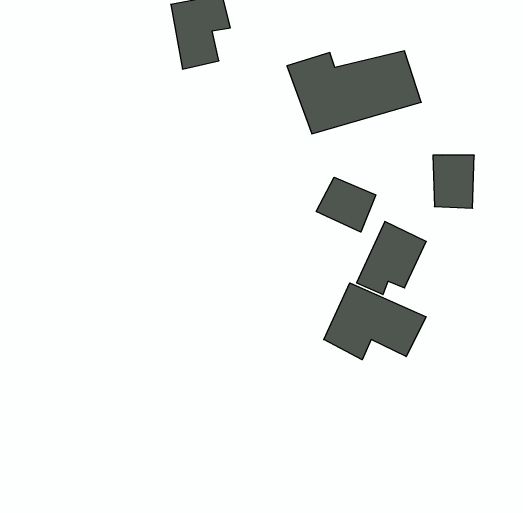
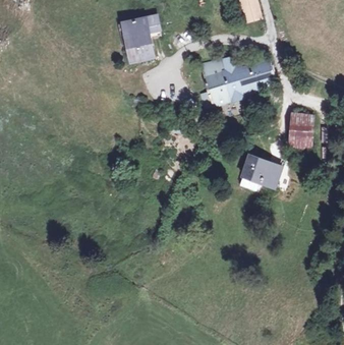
building: [316,177,376,232] -> none
building: [324,283,426,360] -> none

